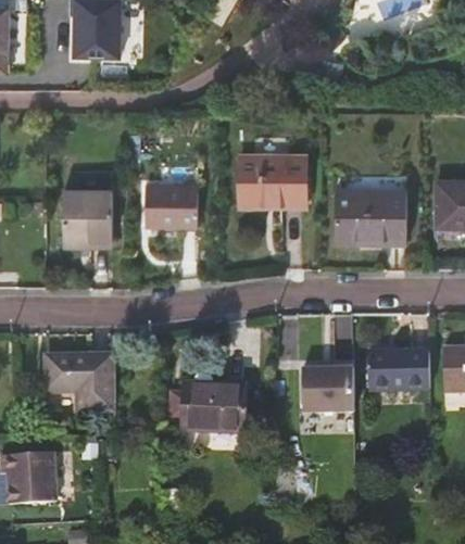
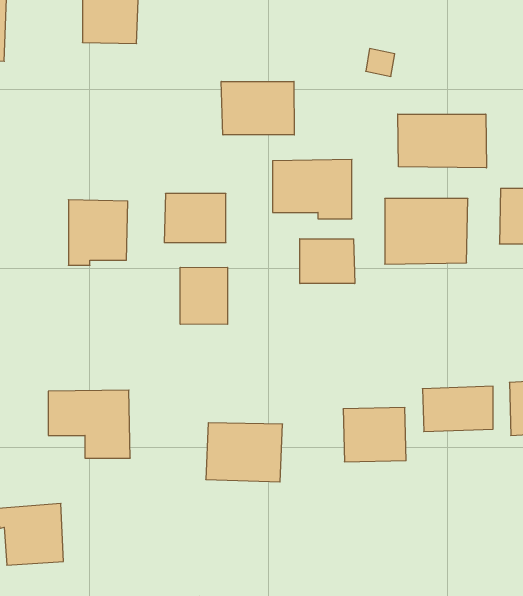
building: none -> [221,81,294,135]
building: none -> [398,114,486,168]
building: none -> [300,239,355,284]
building: none -> [180,267,228,324]

